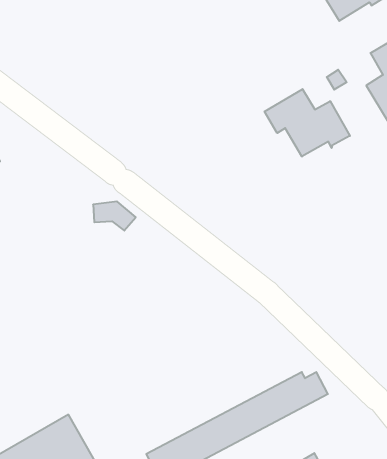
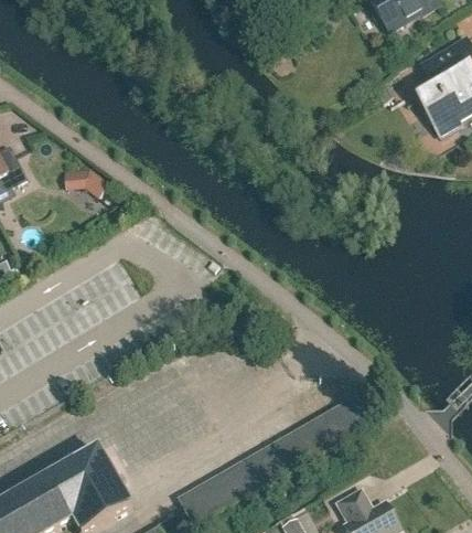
building: [265,89,350,157] -> none
building: [93,201,136,231] -> [63,166,108,196]

